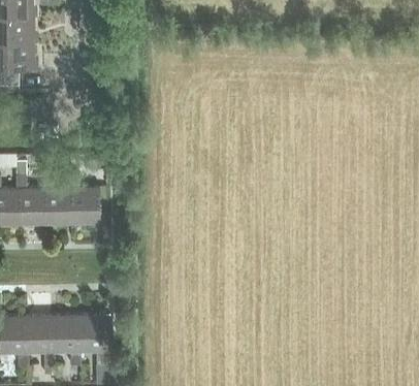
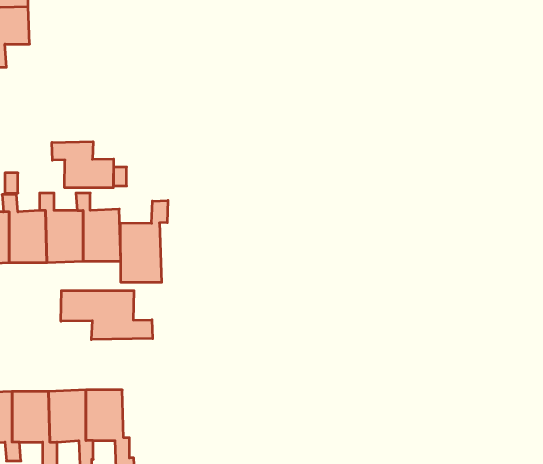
building: none -> [52,142,114,188]
building: none -> [120,200,168,282]
building: none -> [61,291,153,340]

